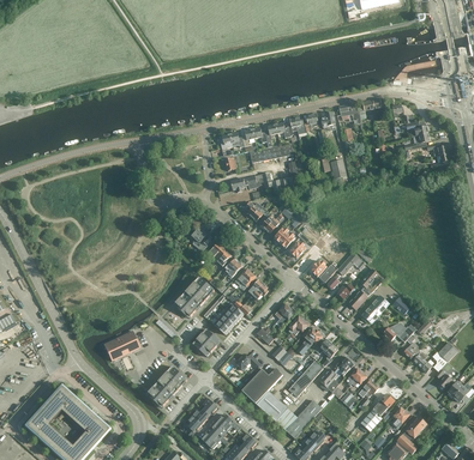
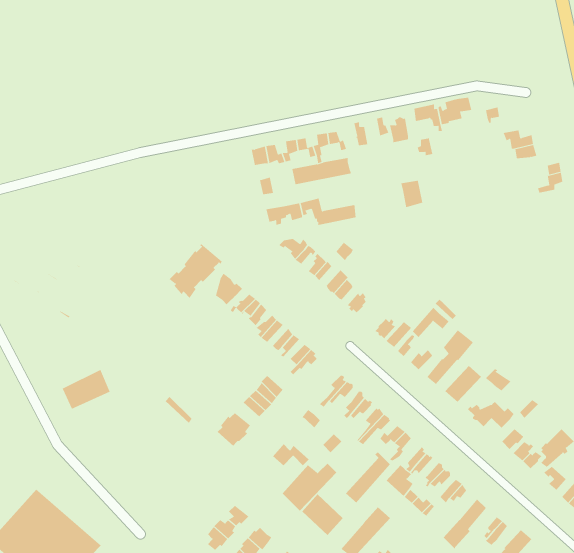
building: [174,276,214,316] -> [169,244,222,299]
building: [103,329,139,359] -> [62,369,111,410]
building: [148,365,186,405] -> none

